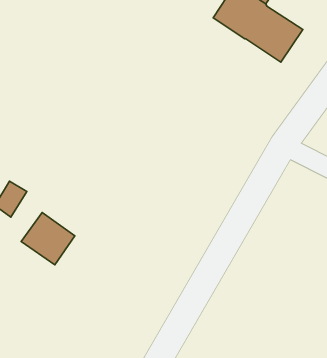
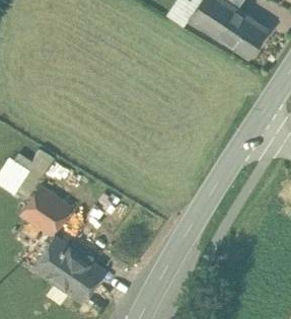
building: none -> [34,238,106,304]

